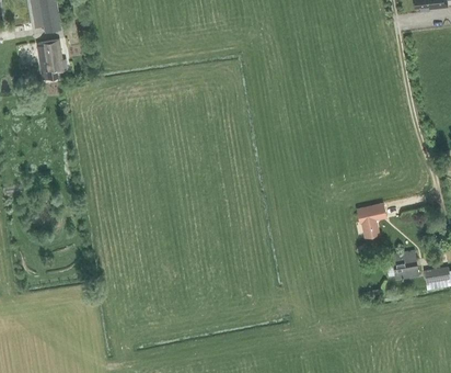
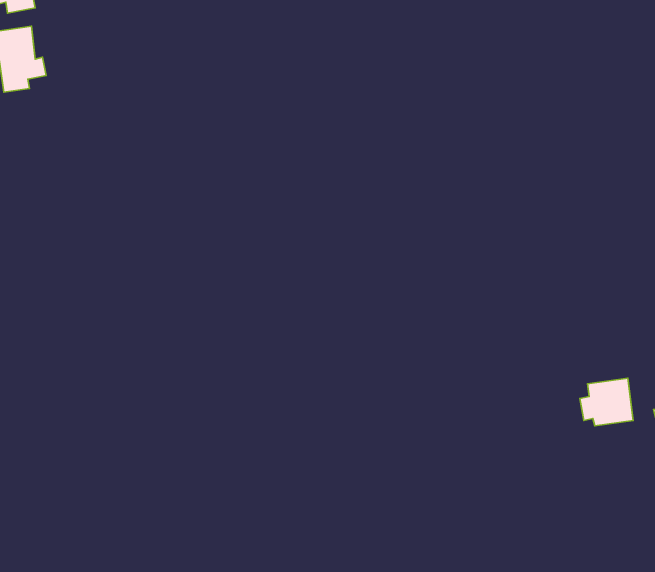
building: [357,203,386,237] -> none

